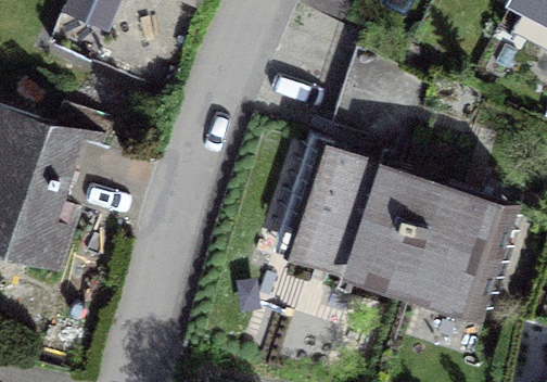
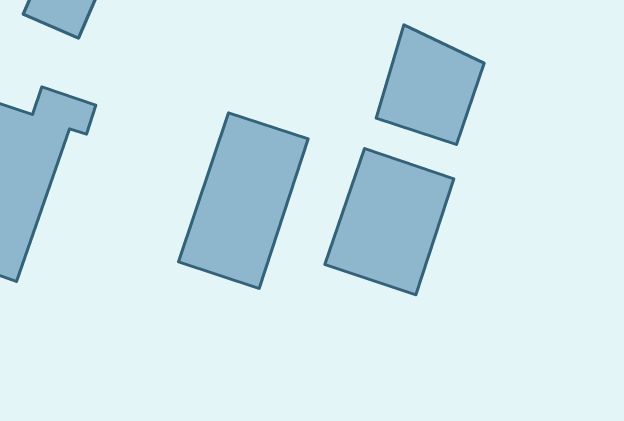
building: none -> [178,113,308,289]
building: [372,176,506,305] -> none

